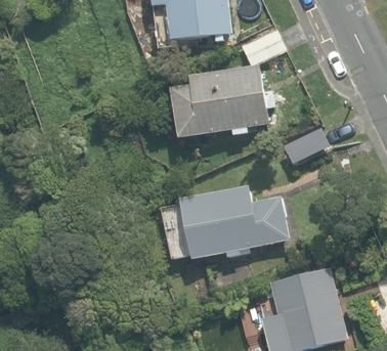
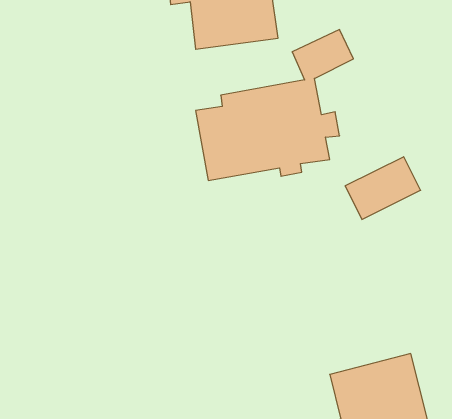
building: [178,185,290,260] -> none

